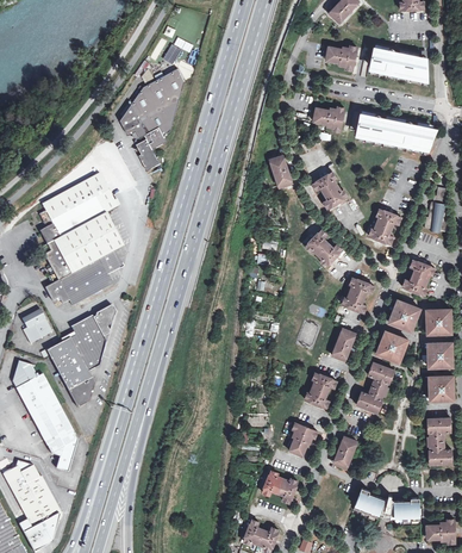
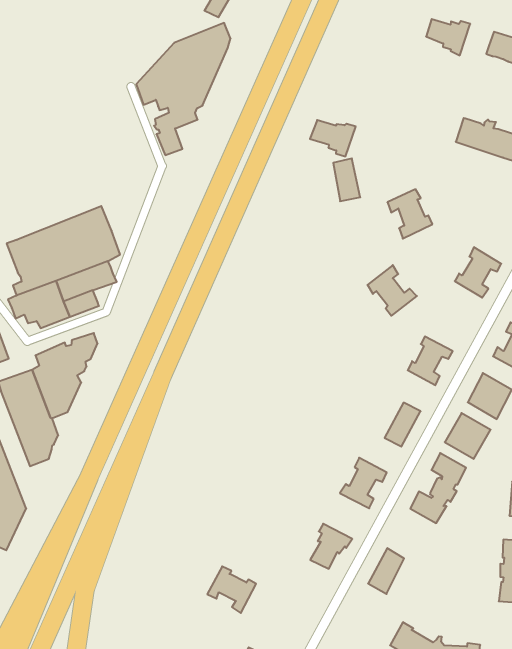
building: [312,107,344,131] -> [310,120,356,156]
building: [38,173,117,244] -> none
building: [262,471,296,503] -> [207,566,256,613]

